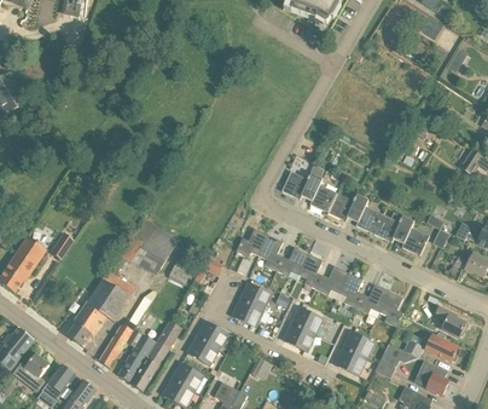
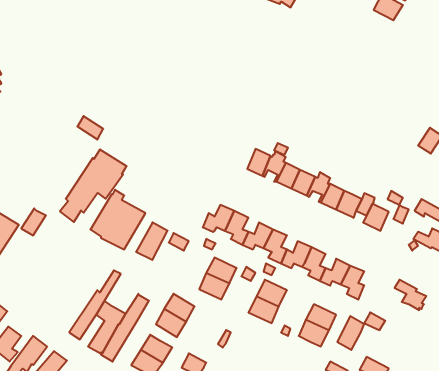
building: [66,271,135,346] -> [60,150,127,222]
building: [424,334,458,362] -> none
building: [417,361,448,396] -> none

